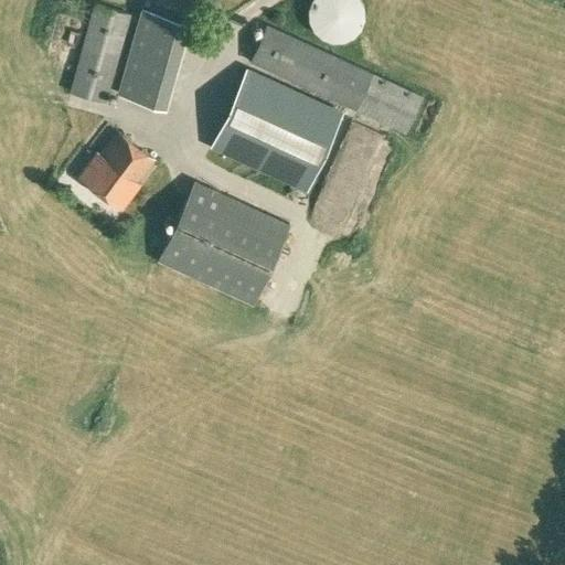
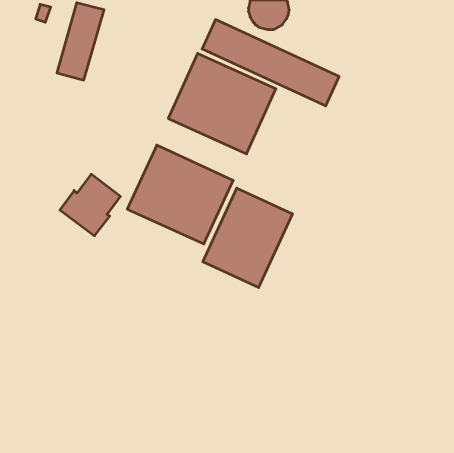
building: [118,9,190,108] -> none
building: [79,134,154,210] -> [60,174,120,236]
building: none -> [203,188,292,288]

